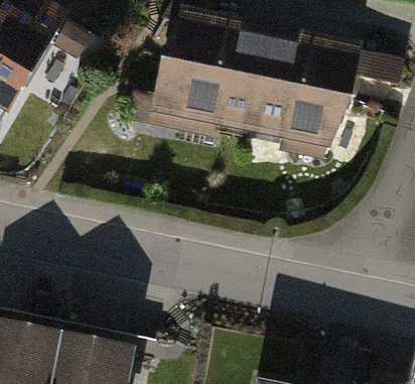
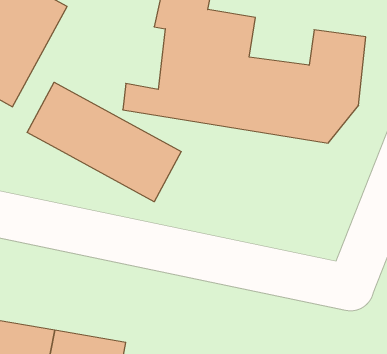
building: none -> [27,82,181,202]

